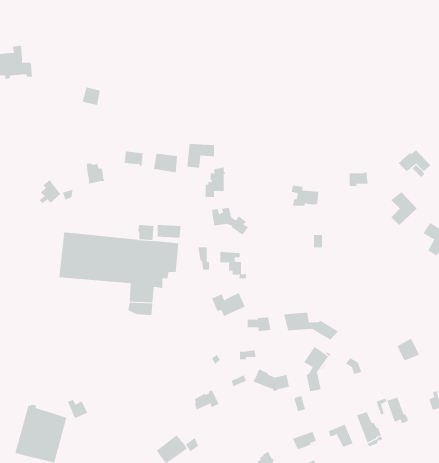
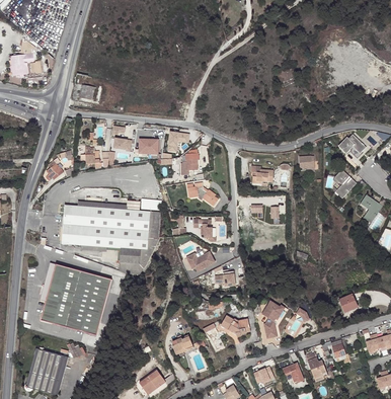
building: none -> [37,259,110,334]
building: [284,312,339,341] -> none

